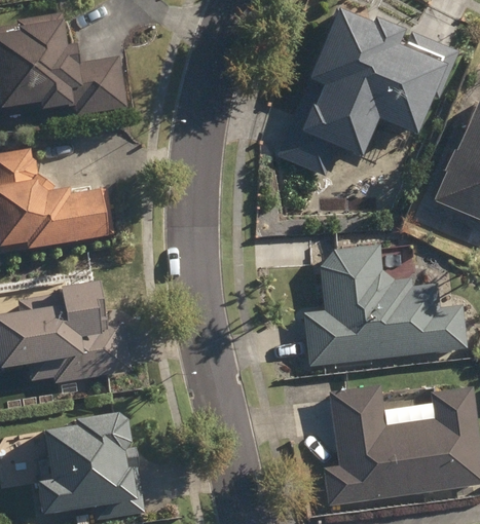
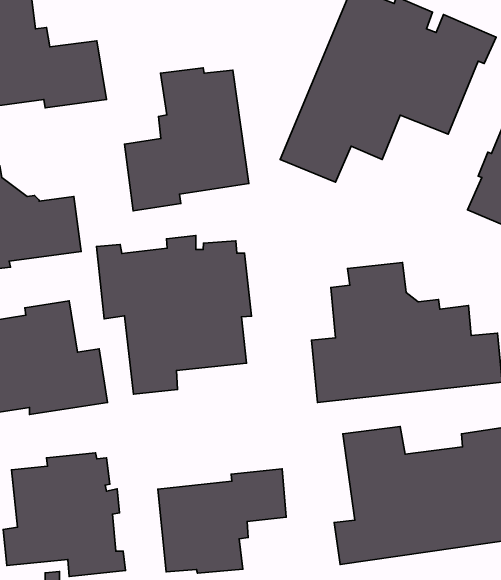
building: none -> [125,68,249,211]
building: none -> [97,235,252,394]
building: none -> [158,469,286,573]

